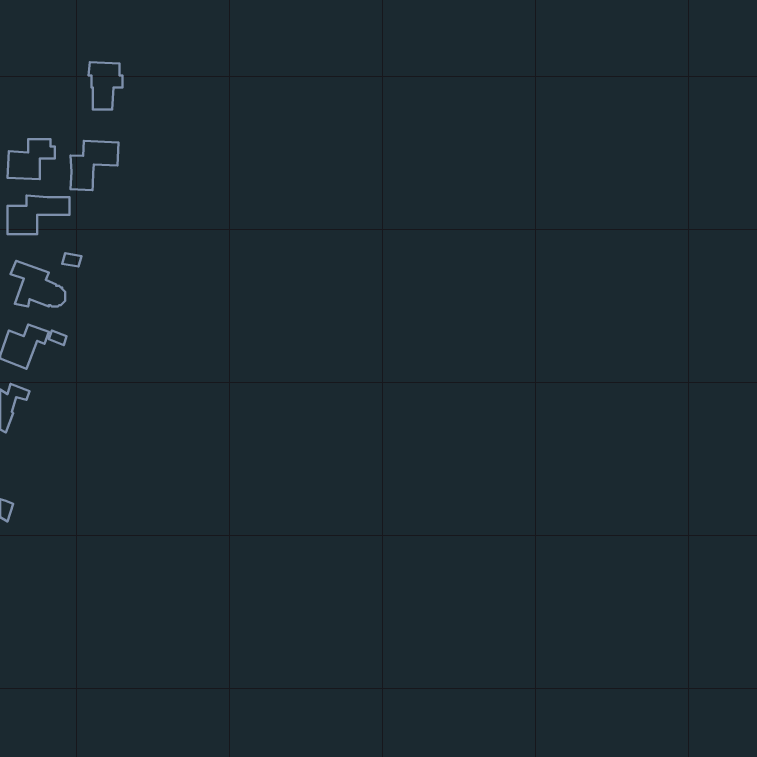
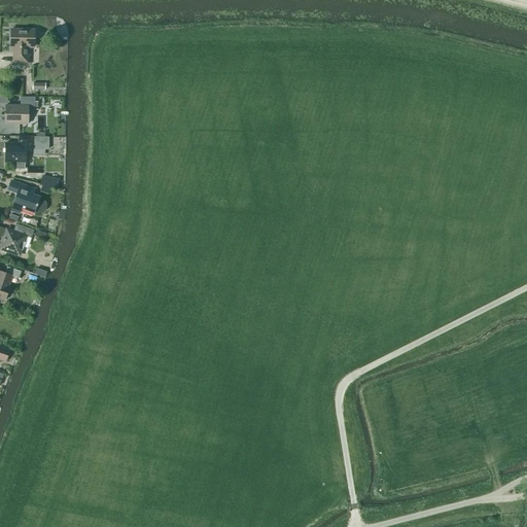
building: [88,62,123,110] -> [10,30,34,63]
building: [70,141,118,190] -> none

